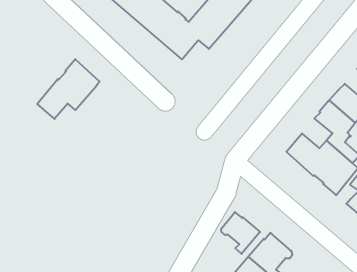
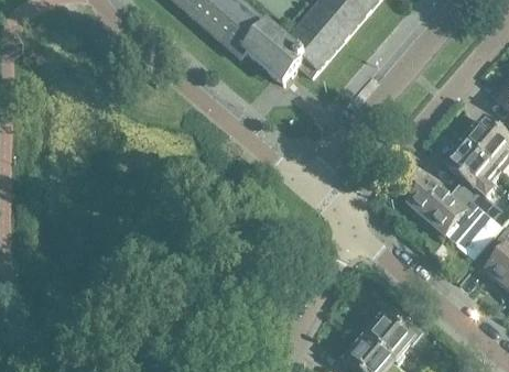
building: [37,59,100,119] -> none
building: [221,212,260,254] -> none

